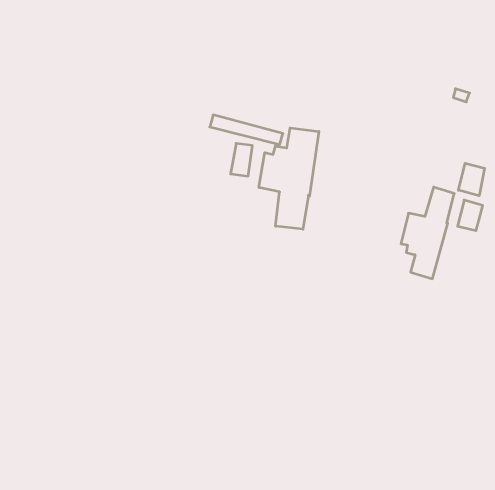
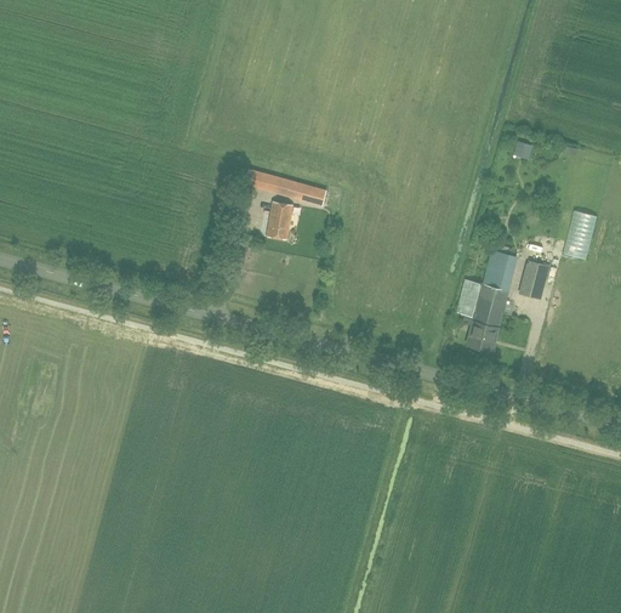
building: [259,128,319,229] -> none
building: [458,163,485,196] -> none

